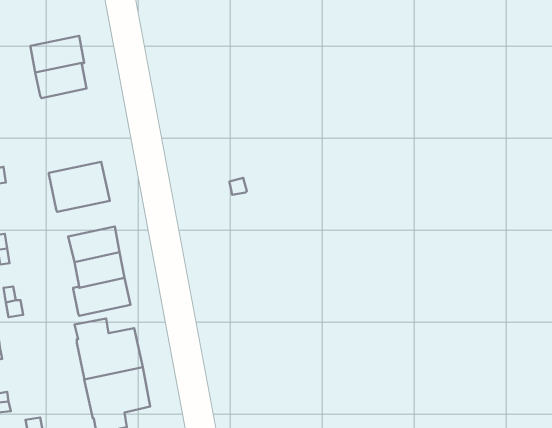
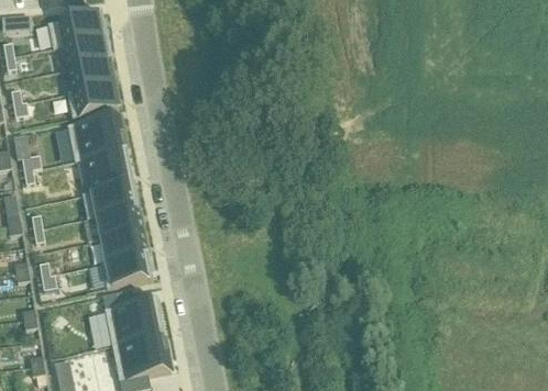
building: none -> [46,11,106,47]
building: none -> [66,82,117,116]
building: none -> [66,113,125,160]
building: none -> [80,183,138,217]

